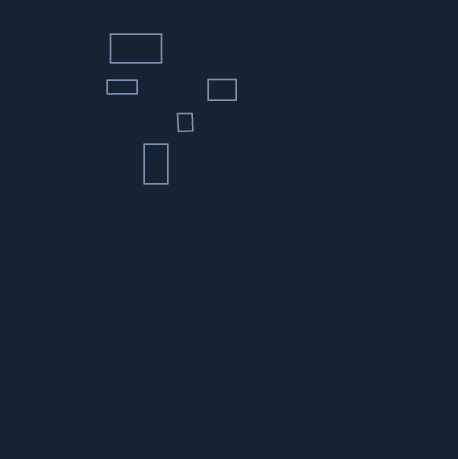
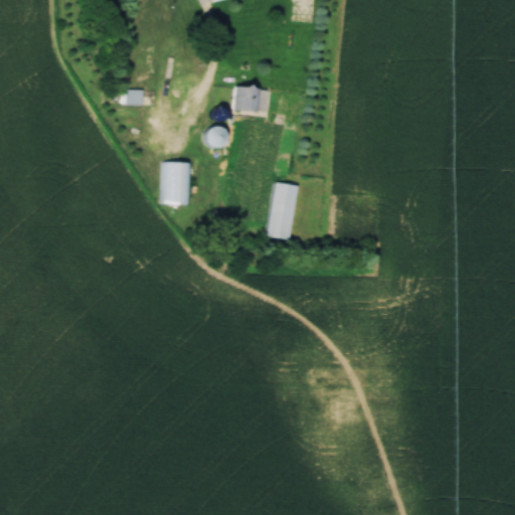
building: [111,34,161,63] -> none
building: none -> [266,182,295,239]

